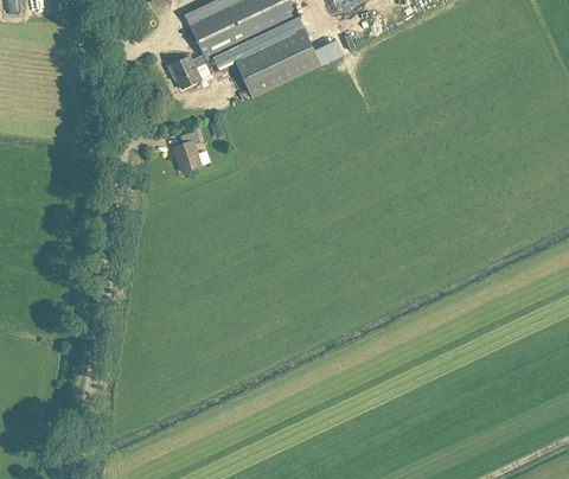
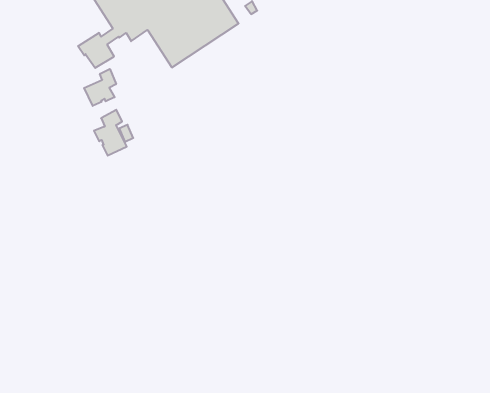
building: none -> [84,69,116,106]

